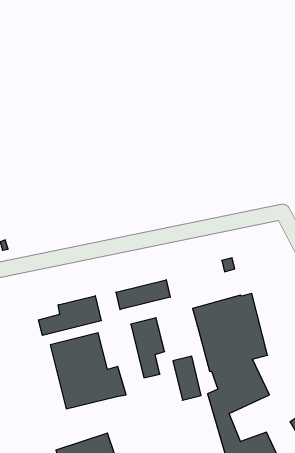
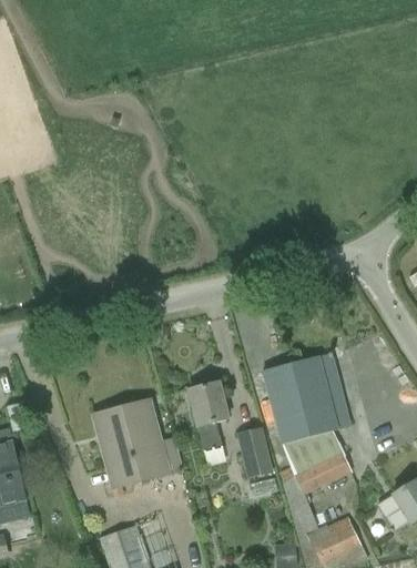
building: [116,280,170,310] -> none
building: [38,296,101,335] -> none

